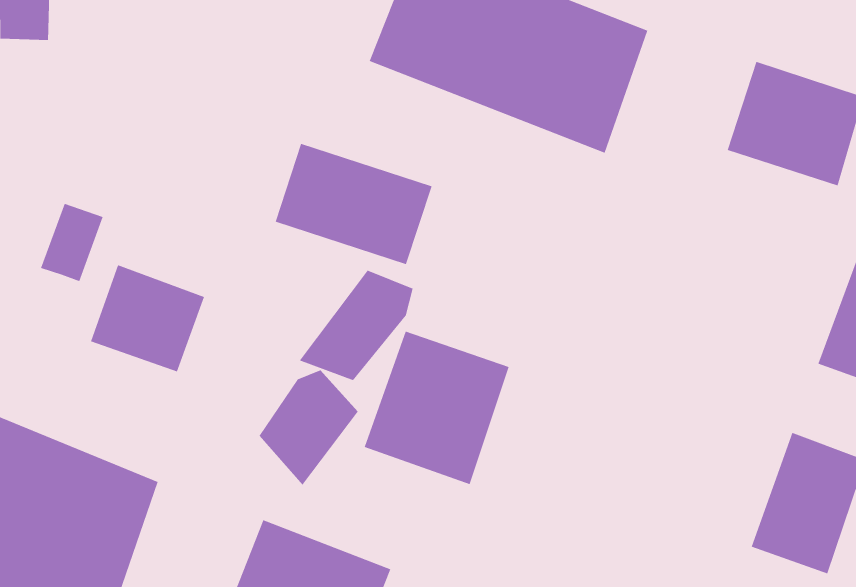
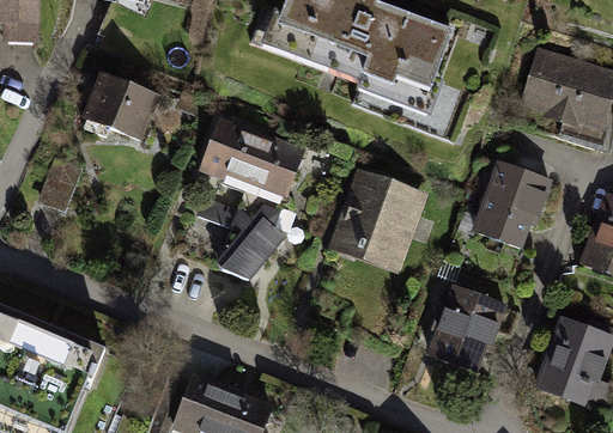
building: none -> [468,163,551,254]
building: [90,264,205,372] -> [83,69,163,145]
building: [364,331,509,485] -> [329,164,431,272]
building: [259,369,359,486] -> none
building: none -> [427,279,512,373]

